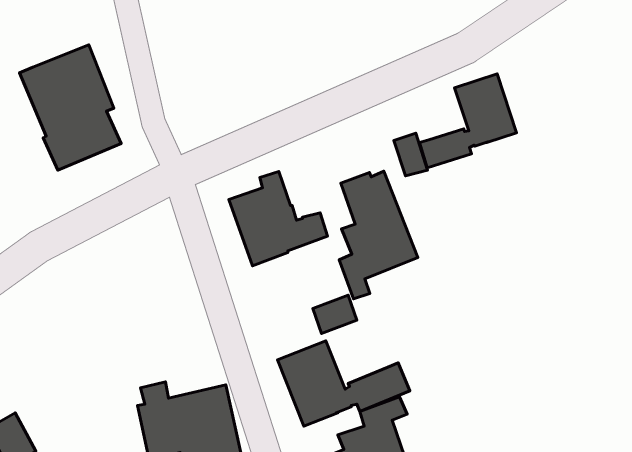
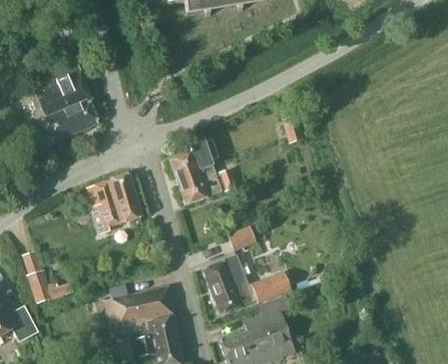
building: [420,74,516,168] -> none
building: [339,171,418,299] -> none
building: none -> [87,174,142,235]
building: none -> [27,271,72,303]

